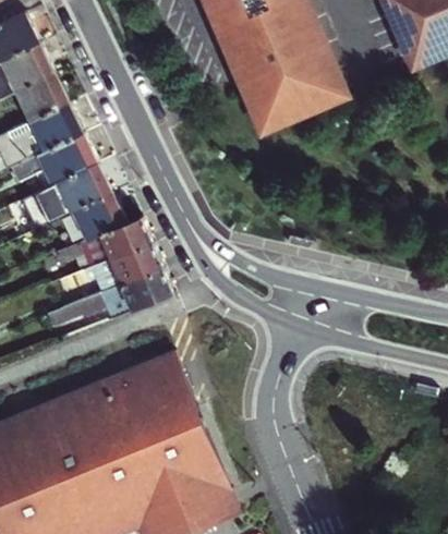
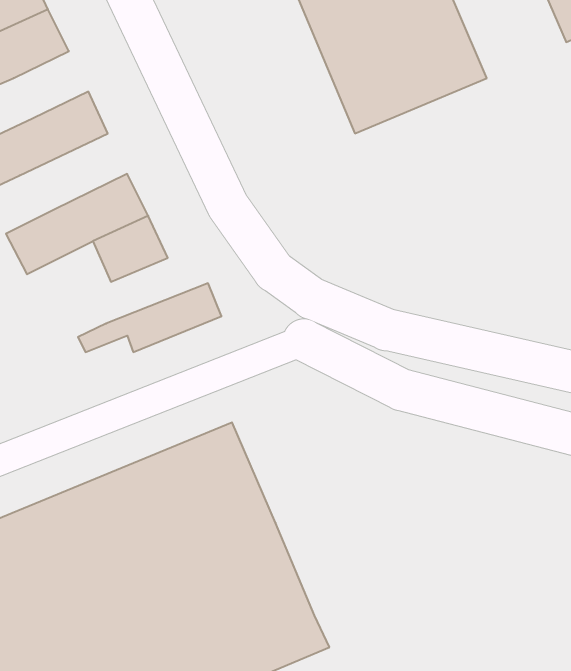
building: [11,78,65,128] -> none
building: [15,138,94,194] -> none
building: [51,221,153,277] -> none
building: [46,271,171,332] -> none

